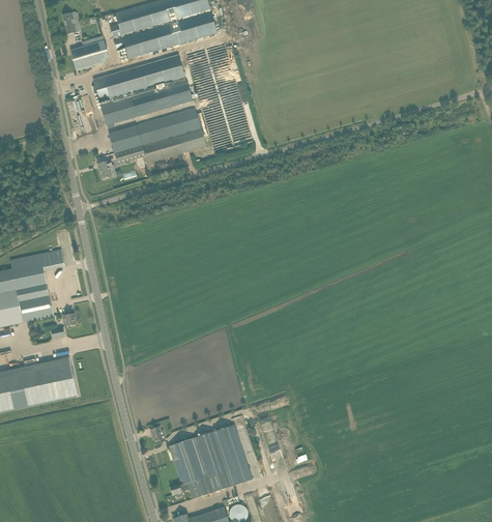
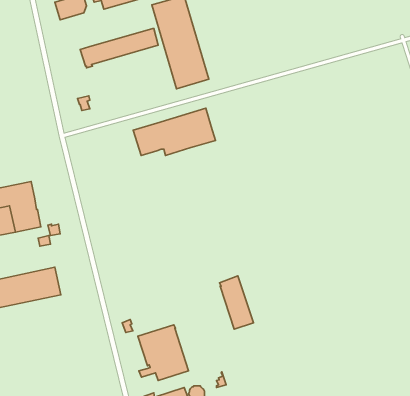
building: [92,54,185,102] -> none
building: [108,107,205,163] -> [133,108,215,155]
building: [210,423,251,486] -> [219,276,254,329]

